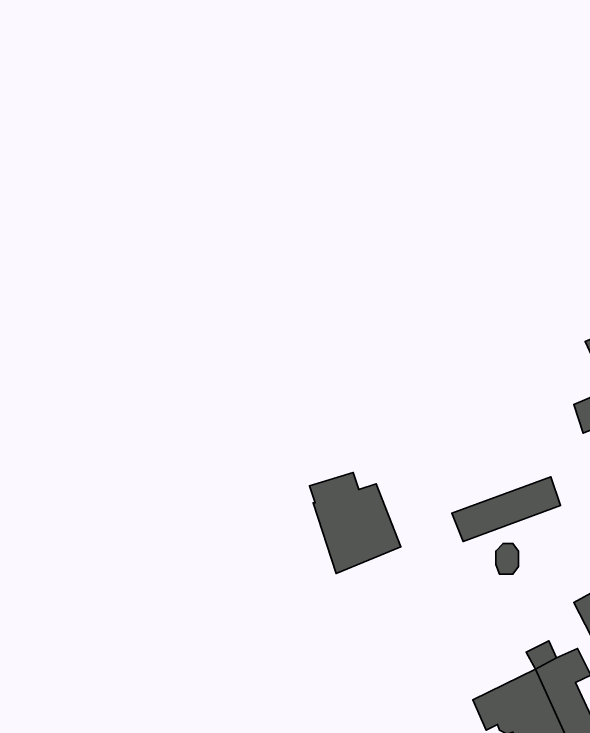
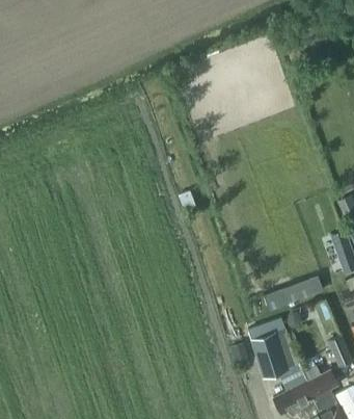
building: [309,472,401,573] -> [250,323,300,378]

